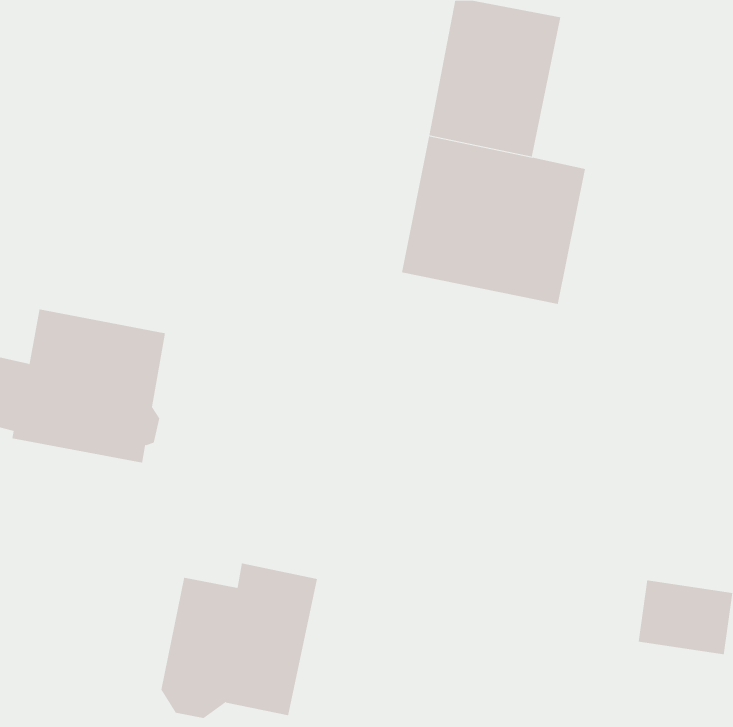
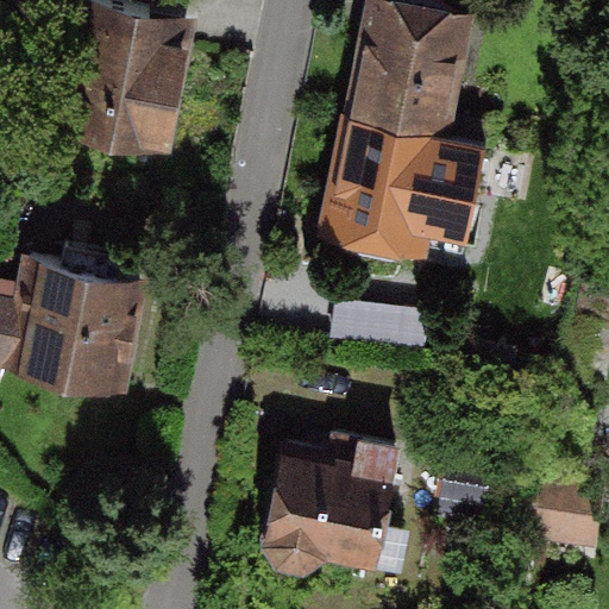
building: none -> [58,25,184,150]
building: [161,563,318,719] -> [266,438,396,566]

